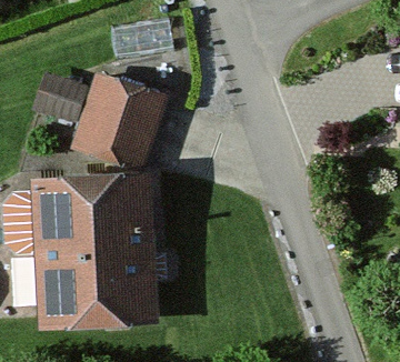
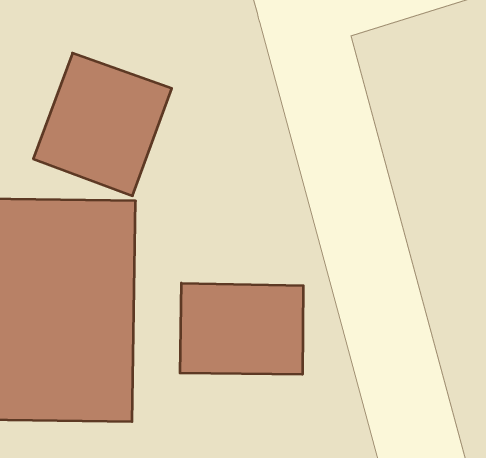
building: none -> [180,283,303,374]

